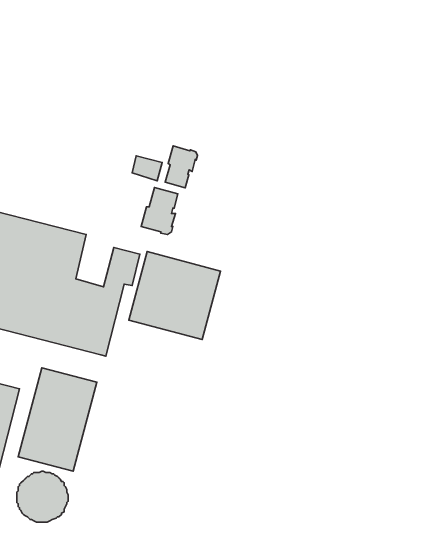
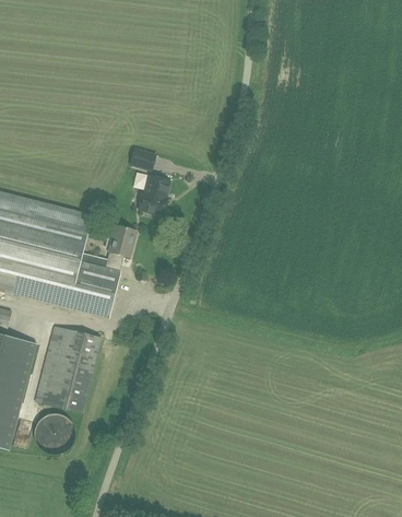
building: [165,146,198,188] -> none
building: [129,252,221,340] -> none

